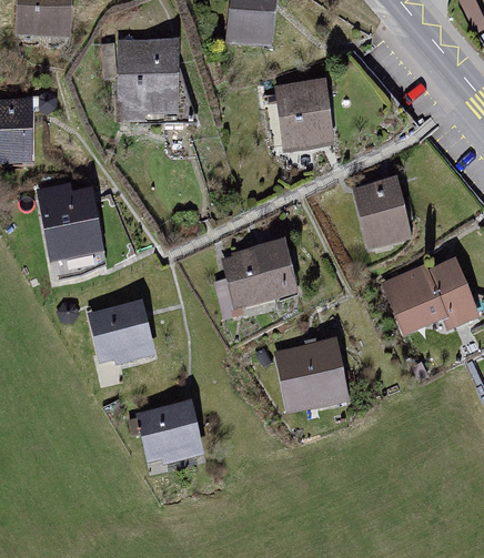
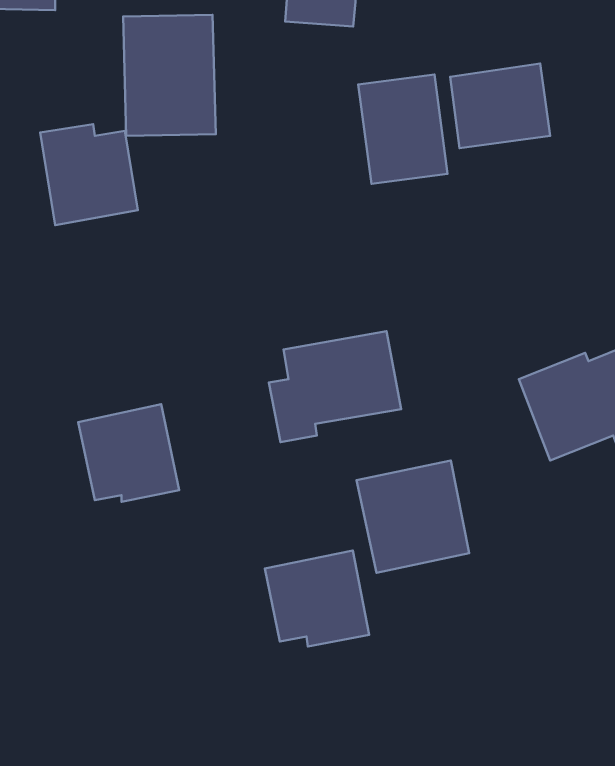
building: none -> [450,64,550,148]
building: [357,185,416,253] -> none
building: [39,192,104,260] -> [40,124,138,225]
building: [137,400,206,465] -> [265,550,369,646]

